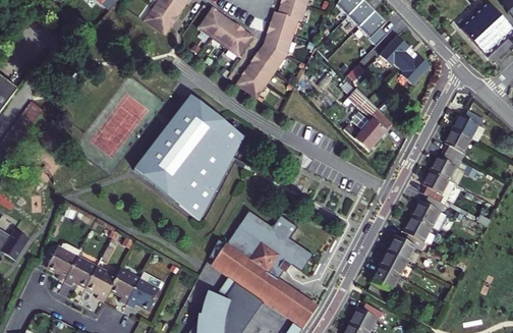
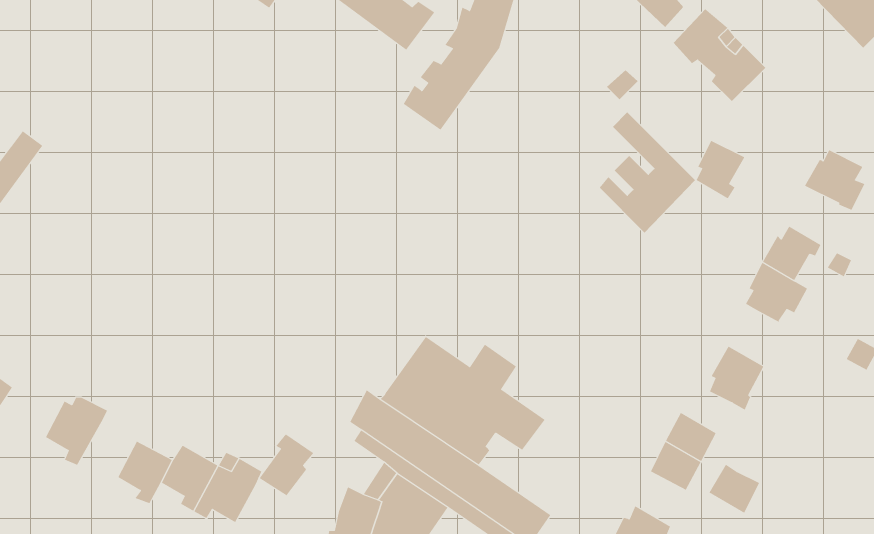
building: [134,97,244,220] -> none
building: [444,129,470,161] -> [696,140,745,199]
building: [411,196,447,230] -> none
building: [386,235,413,262] -> [708,464,760,513]
building: [63,256,95,285] -> none
building: none -> [259,434,314,496]

